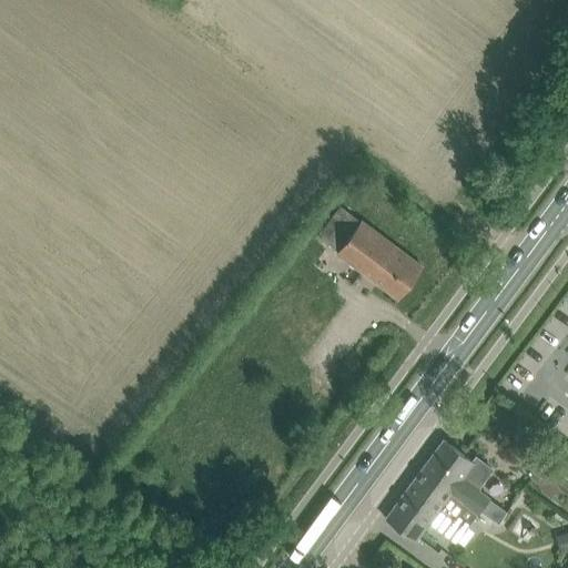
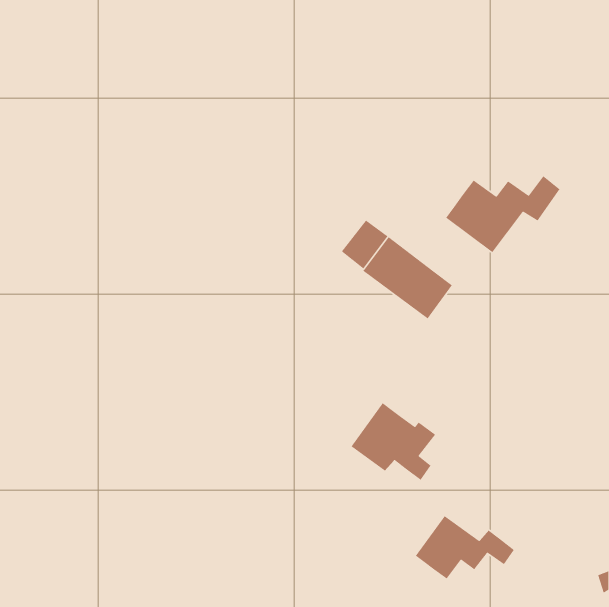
building: none -> [445,175,561,253]
building: [414,440,494,514] -> [350,402,436,481]

